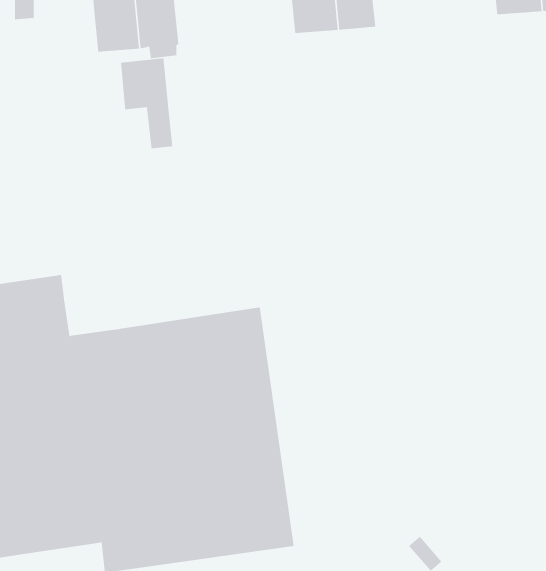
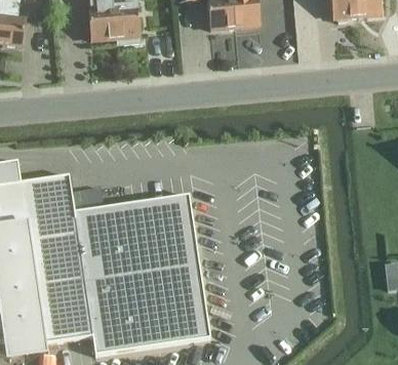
building: [121,57,173,149] -> none

